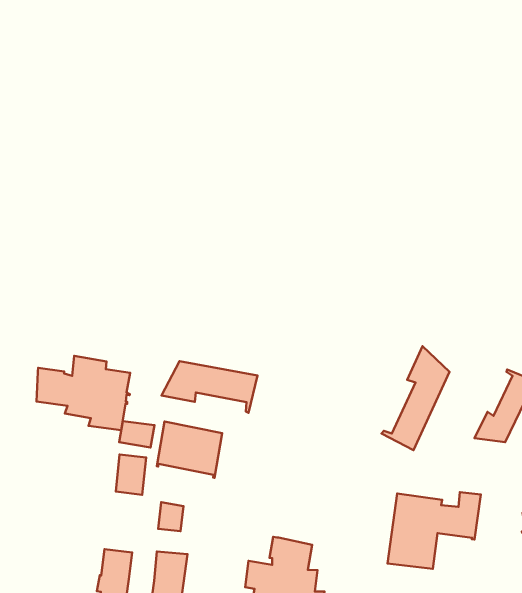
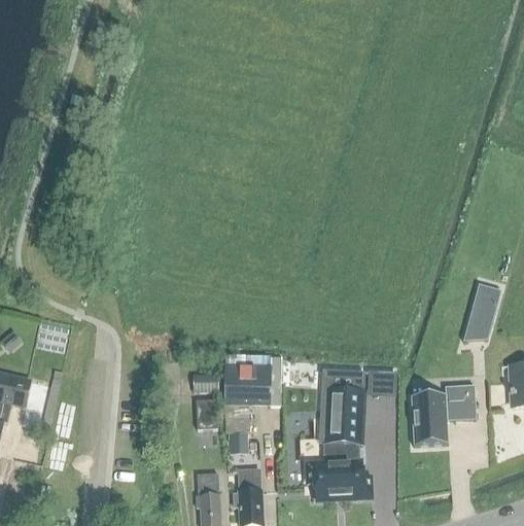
building: [382,346,449,450] -> none
building: [36,356,130,430] -> none
building: [162,361,257,413] -> none
building: none -> [325,387,362,444]

